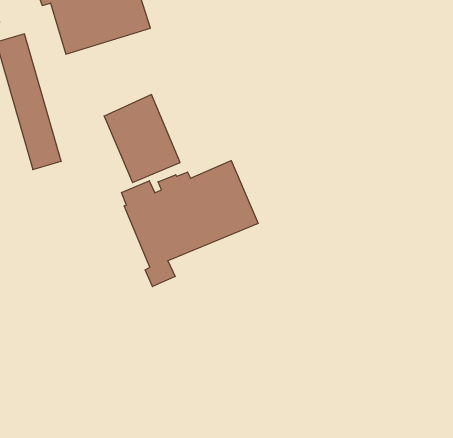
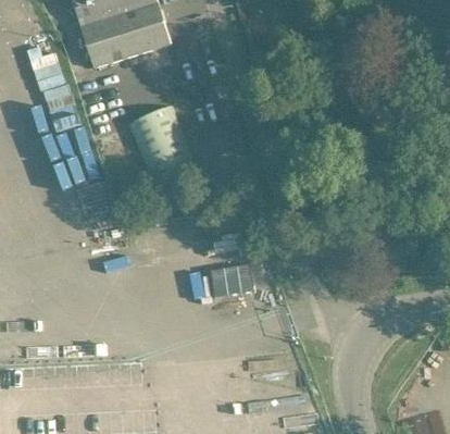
building: [122,161,258,287] -> none

